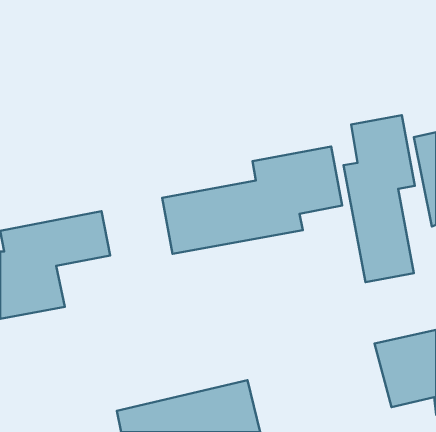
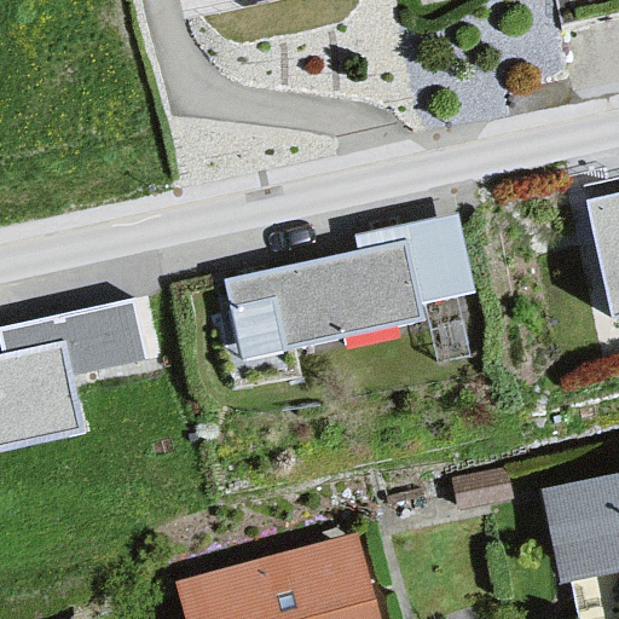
building: [344,115,415,282] -> none

